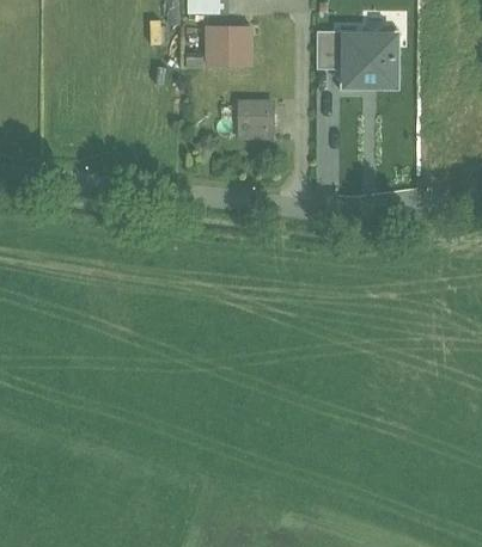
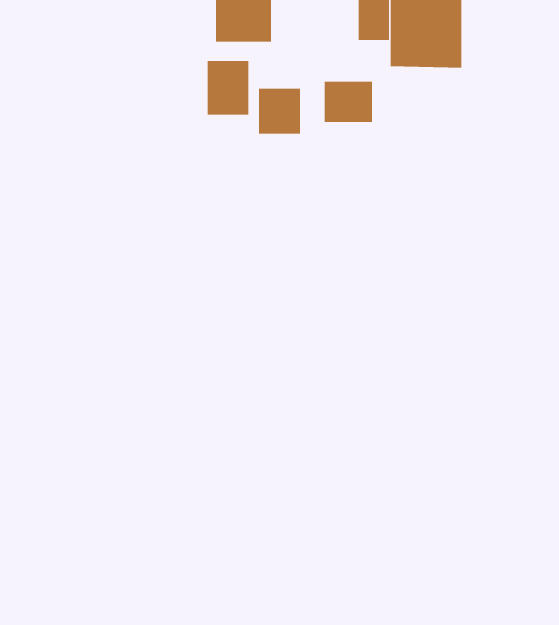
building: none -> [207,60,249,116]
building: none -> [324,81,372,123]

